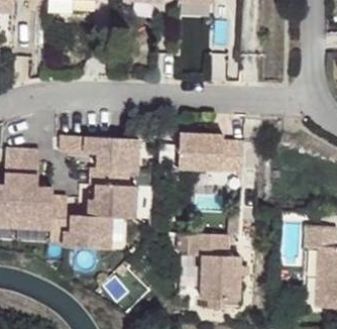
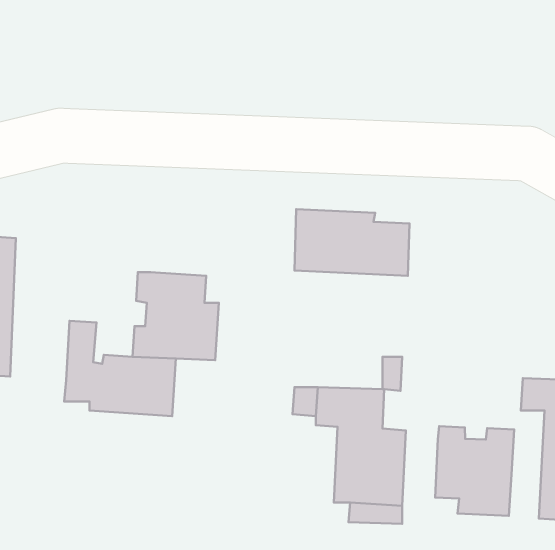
building: [61,135,138,171] -> none
building: [18,149,51,229] -> none
building: none -> [435,426,514,516]

